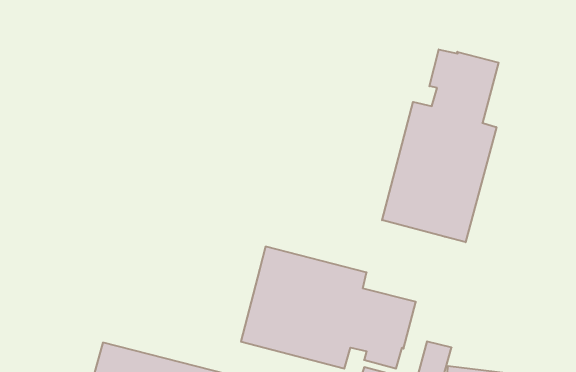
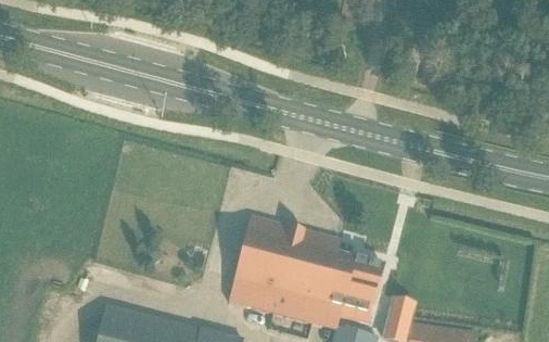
building: [382,49,499,242] -> none

